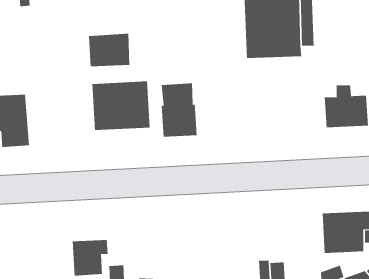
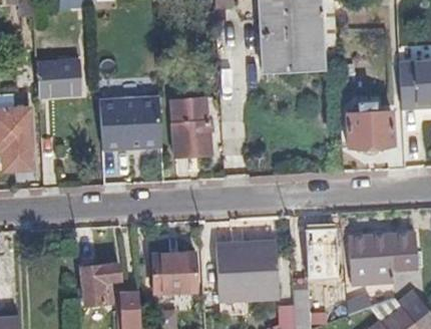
building: [88,33,130,67] -> [38,60,83,96]
building: none -> [299,229,336,278]
building: none -> [216,242,277,302]
building: none -> [153,252,194,292]

